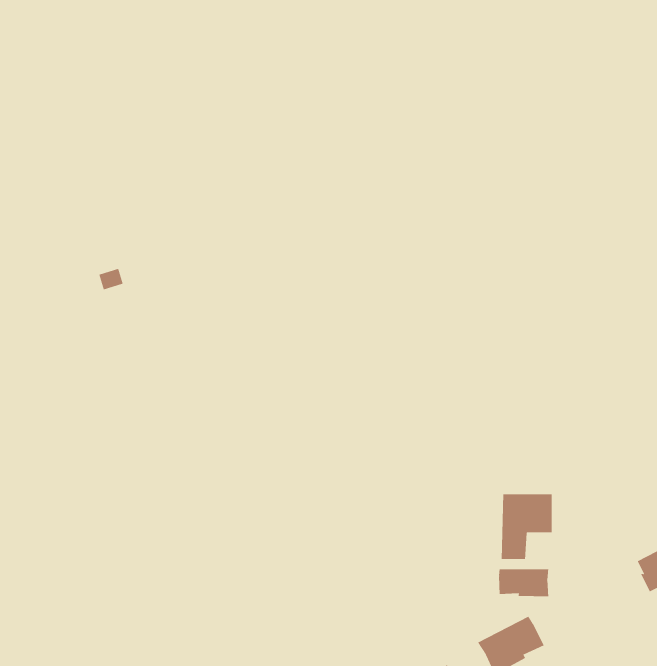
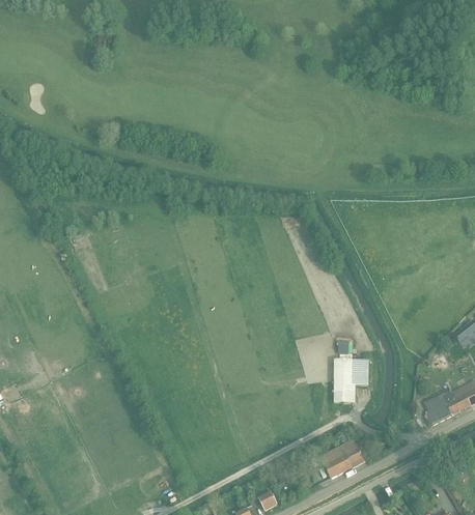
building: [499,569,549,597] -> none

